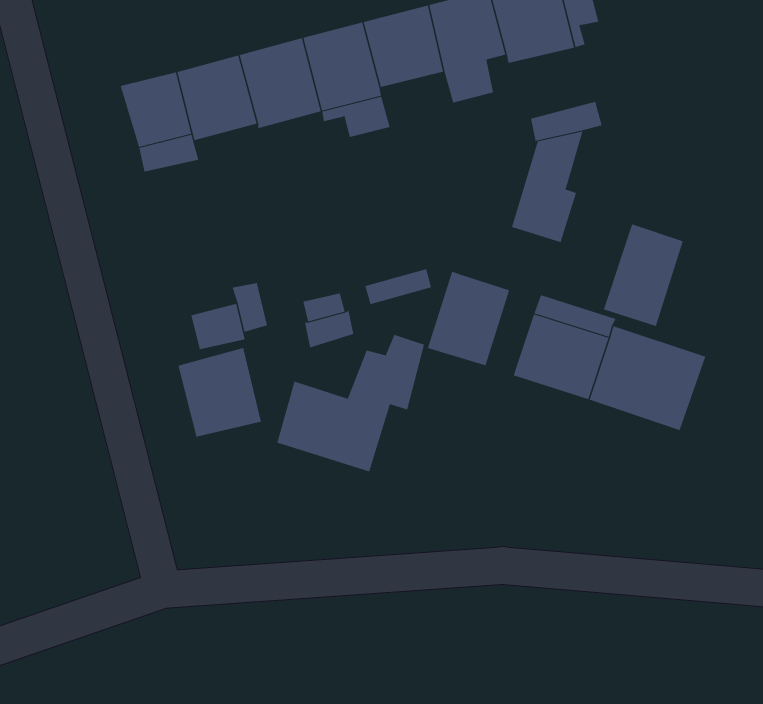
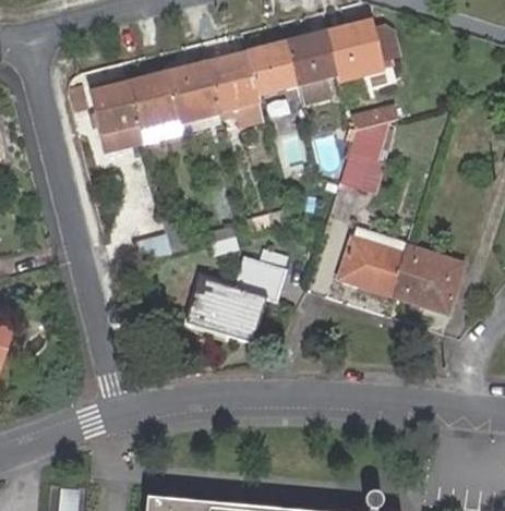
building: [603,223,683,327] -> none
building: [427,271,510,366] -> none
building: [178,347,261,438] -> none

